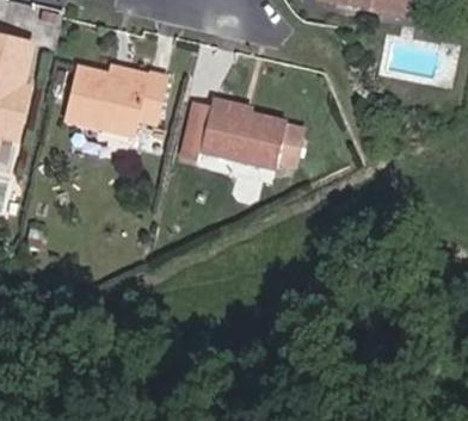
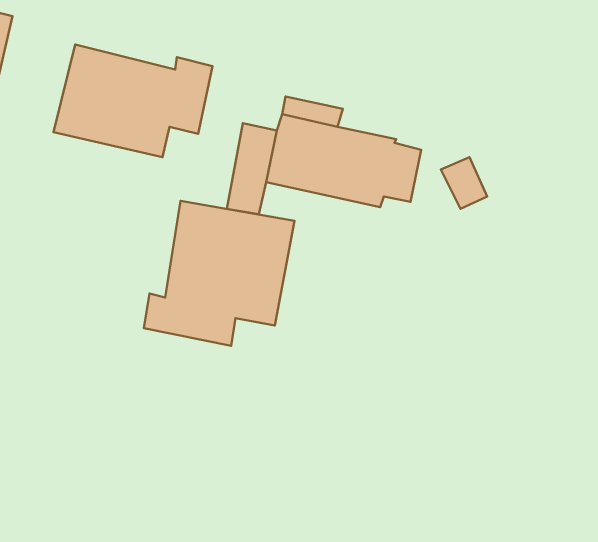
building: none -> [144,201,294,346]

